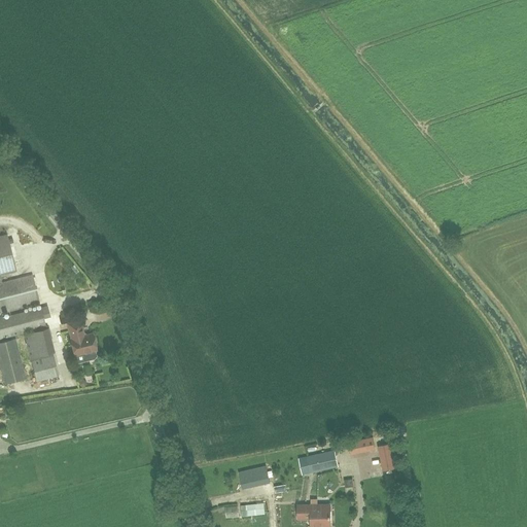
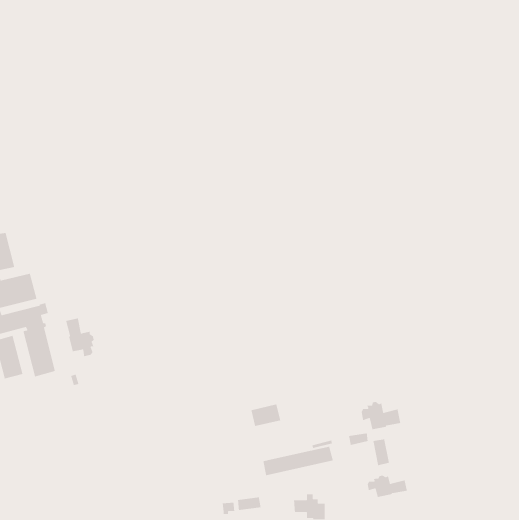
building: none -> [361,401,401,430]
building: [238,466,269,490] -> [251,404,281,427]
building: none -> [367,475,408,498]

